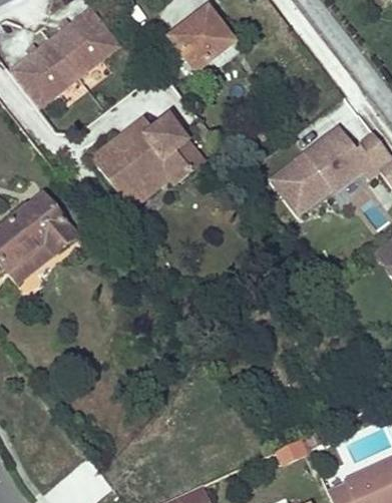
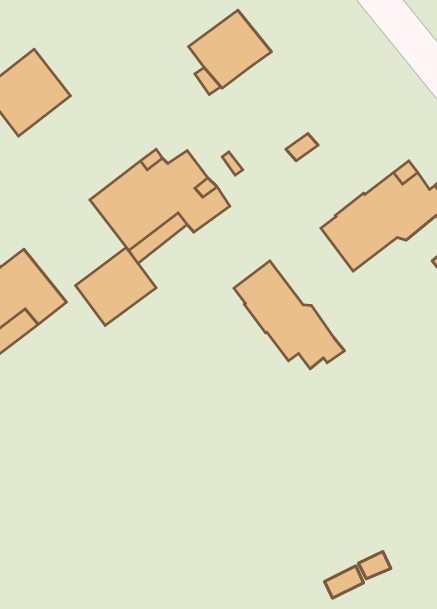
building: [51,8,119,75] -> none
building: none -> [75,248,156,326]
building: none -> [234,261,344,369]

